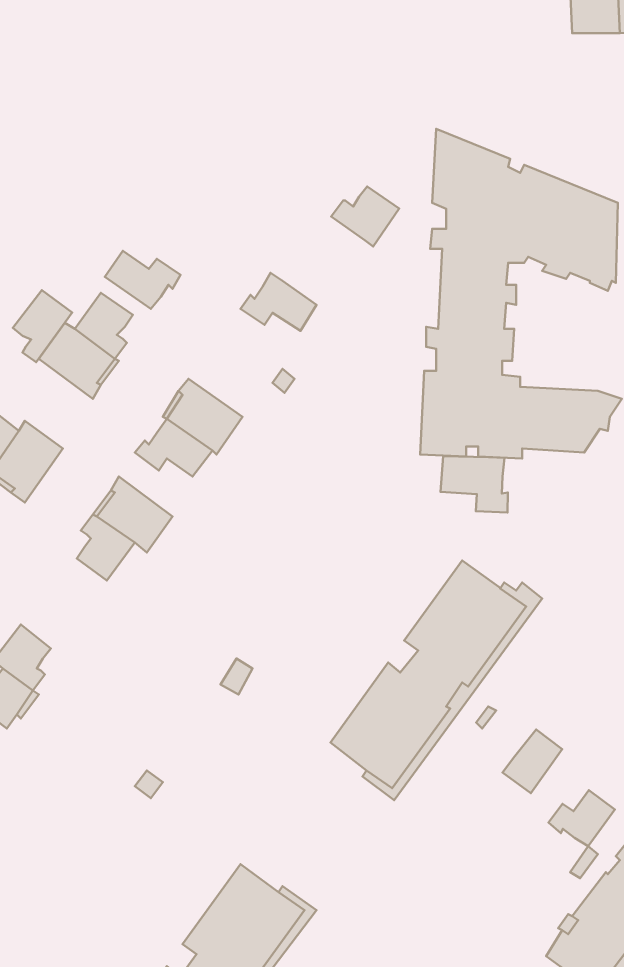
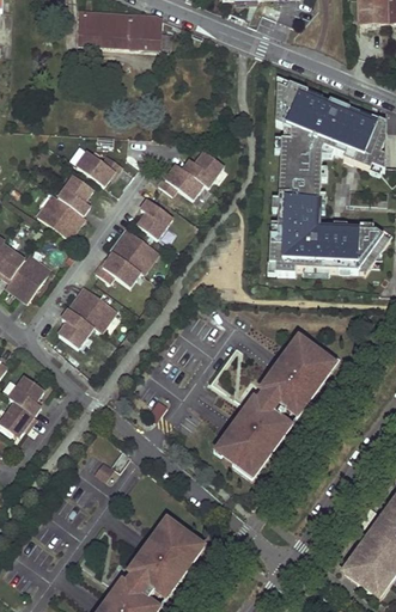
building: none -> [78,10,170,48]
building: [331,186,399,246] -> [184,151,225,186]
building: [13,290,72,362] -> none
building: none -> [139,198,173,238]
building: [440,456,508,512] -> none
building: [503,730,562,793] -> none
building: [548,790,615,846] -> none

